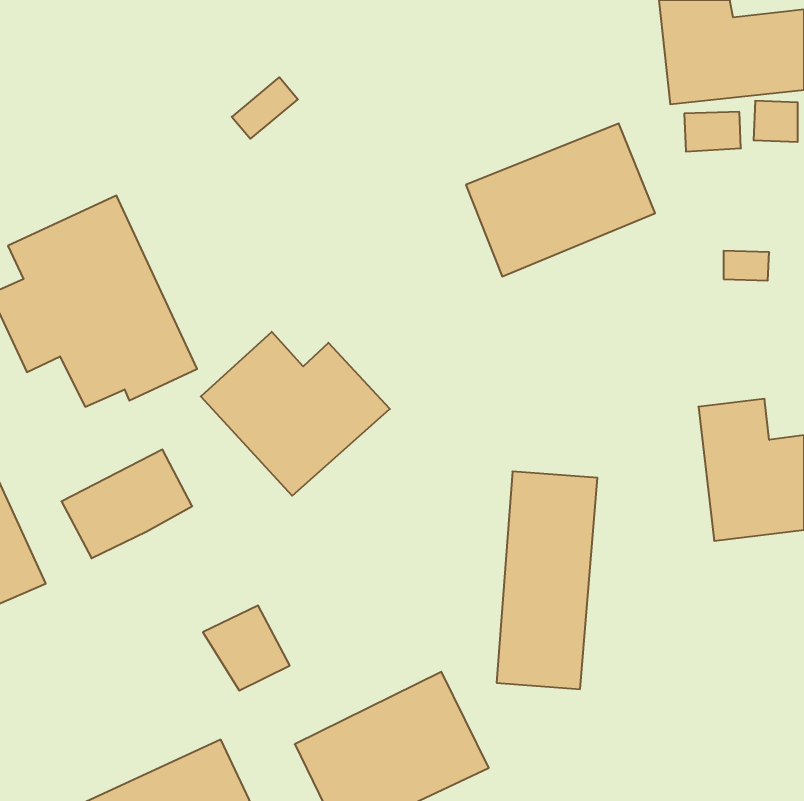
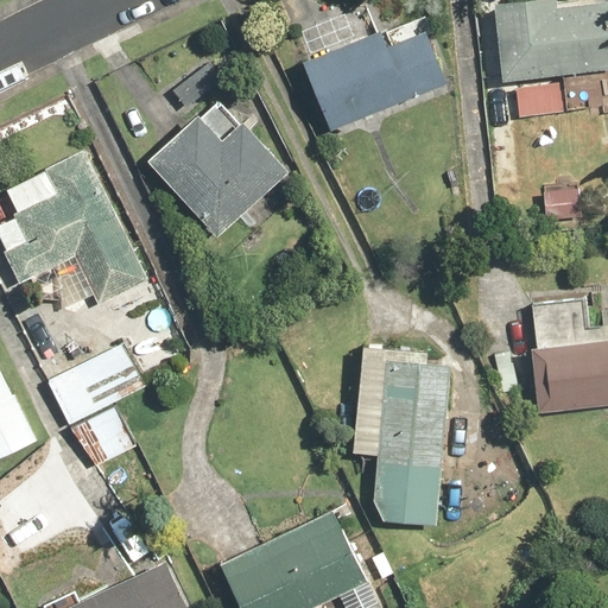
building: [466,123,655,276] -> [303,17,445,132]
building: [201,332,390,496] -> [146,113,289,236]
building: [203,605,290,691] -> [69,404,134,468]

